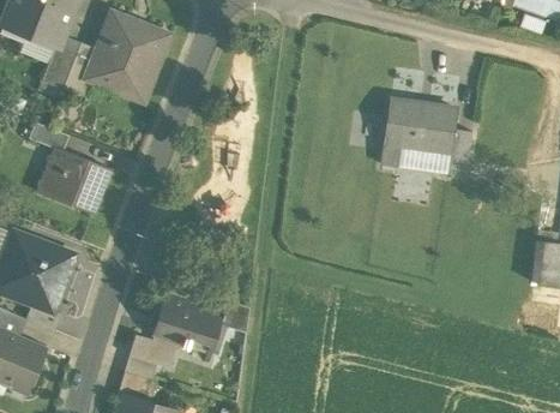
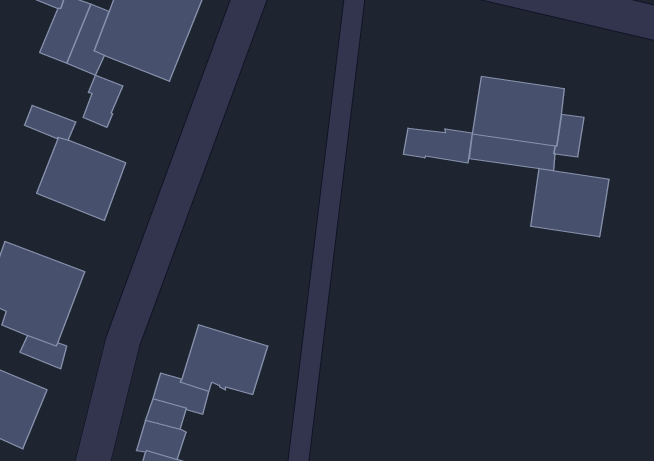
building: none -> [83,75,123,127]
building: none -> [404,128,472,163]
building: none -> [531,168,609,237]

